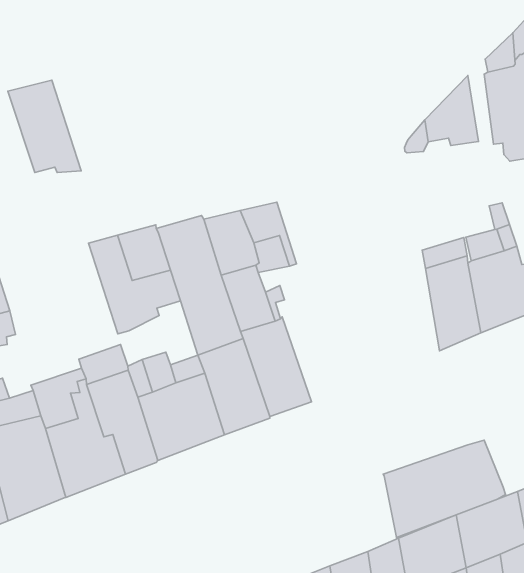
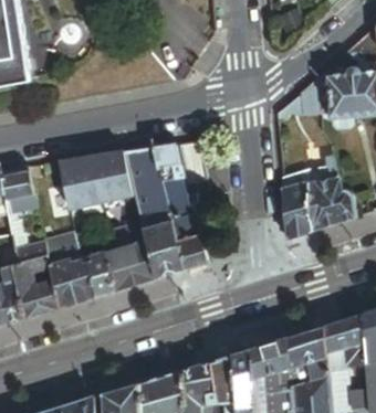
building: [8,80,81,173] -> [58,157,97,212]
building: [383,440,505,538] -> none

